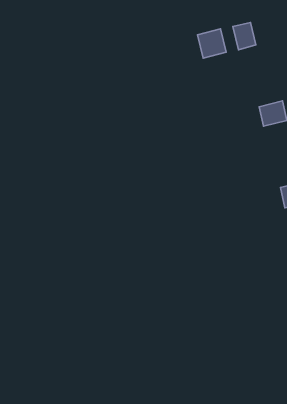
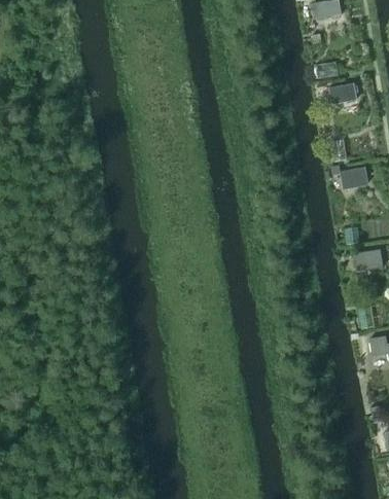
building: [197,29,226,58] -> none

